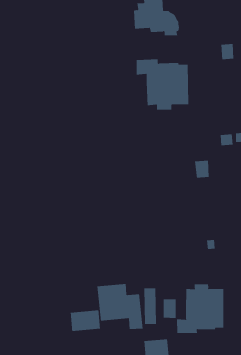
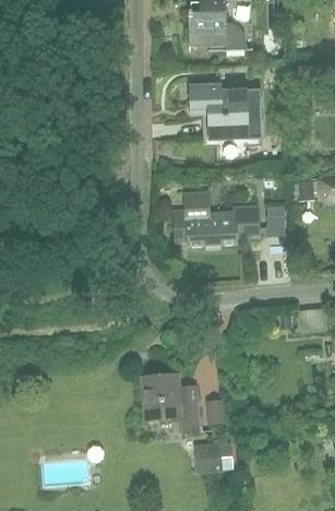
building: none -> [172,190,260,246]
building: [176,283,224,334] -> none
building: [70,310,100,332] -> none

